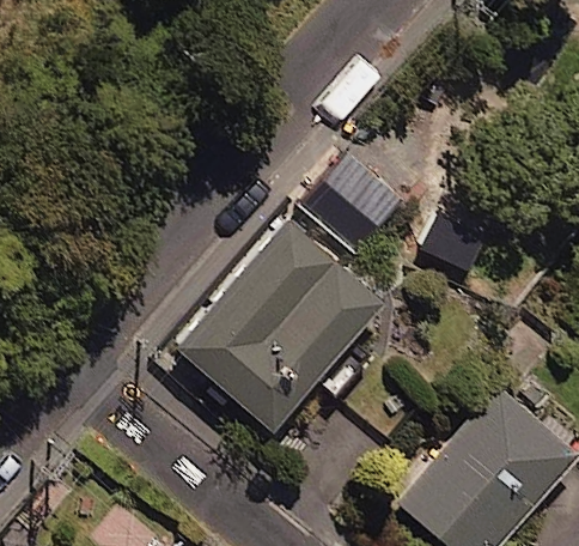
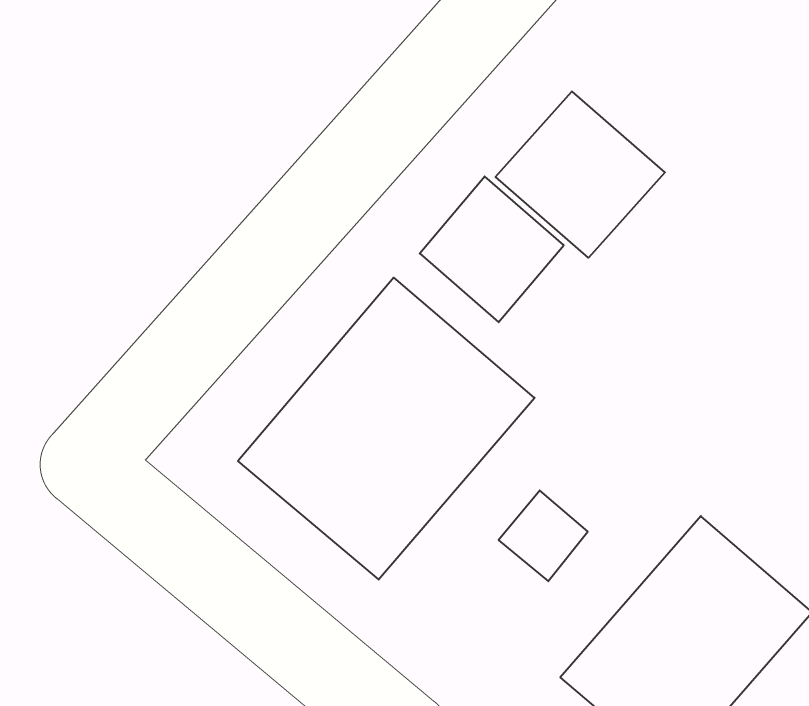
building: none -> [496,91,665,258]

